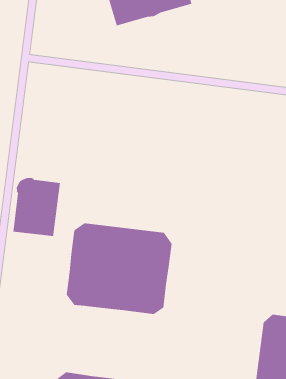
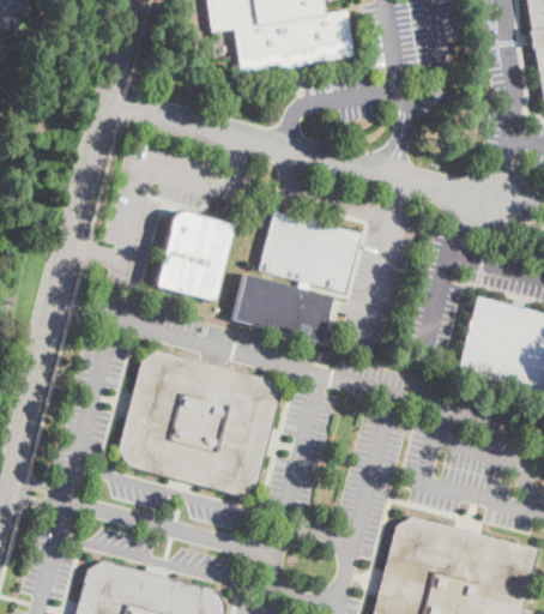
building: none -> [260,207,362,291]
building: none -> [234,273,332,342]
building: [12,177,61,237] -> [155,210,234,301]

